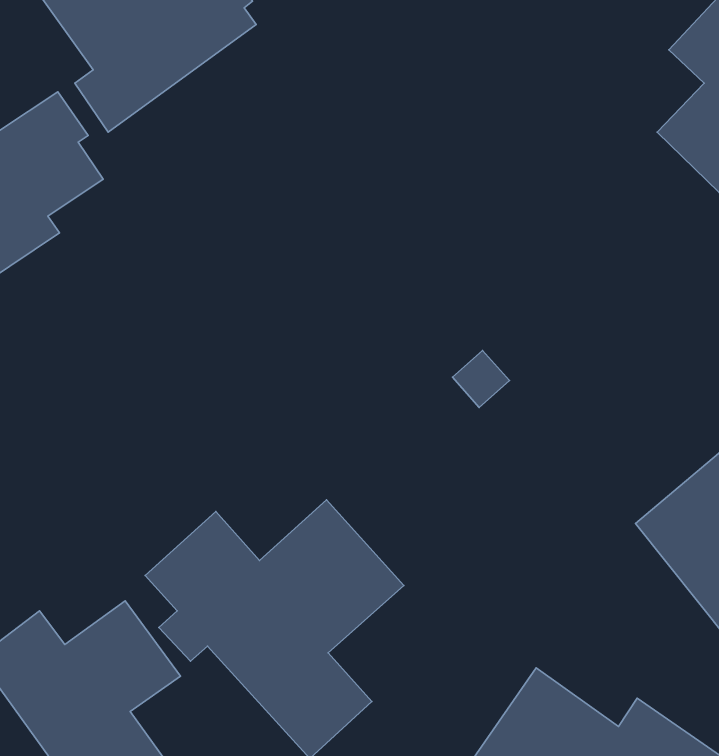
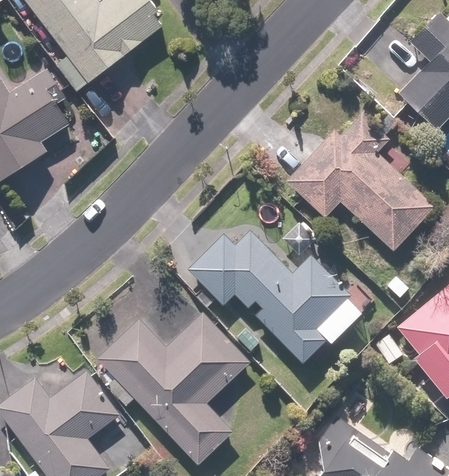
building: none -> [285,115,435,253]
building: none -> [189,231,364,366]

